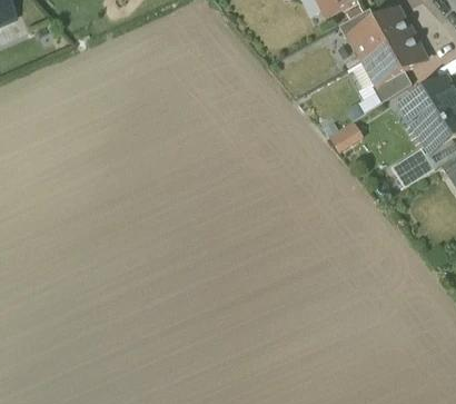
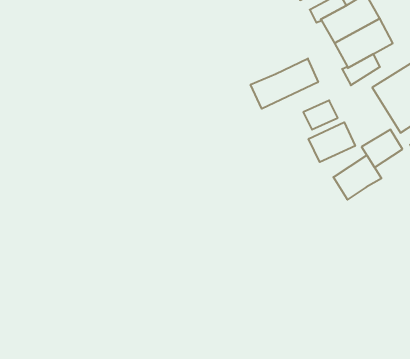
building: none -> [251,58,318,109]
building: none -> [309,122,355,162]
building: none -> [333,155,381,200]

